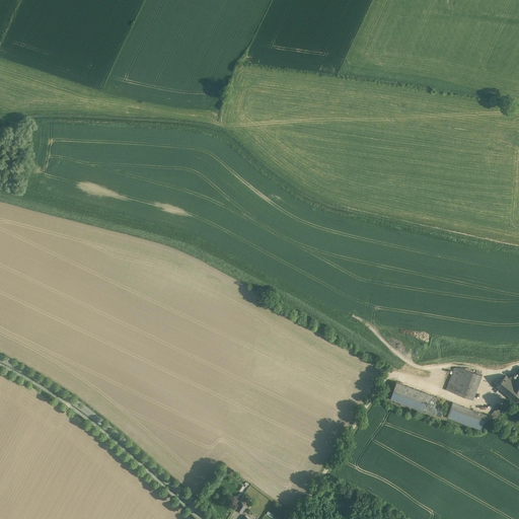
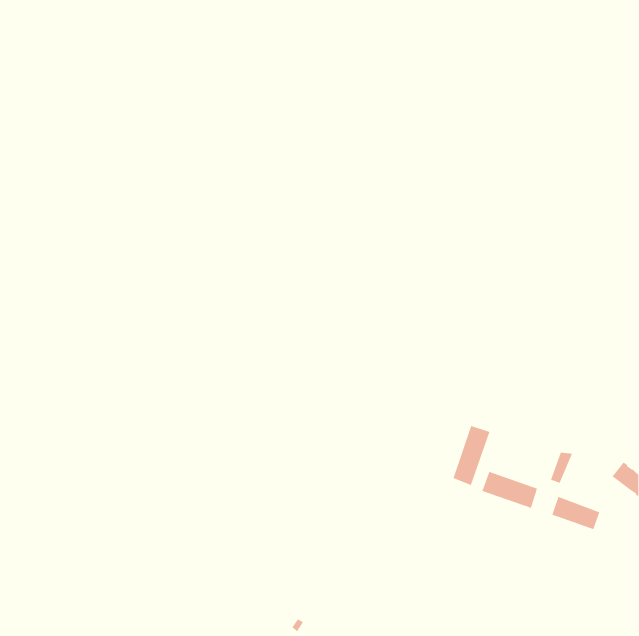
building: none -> [453,425,490,486]
building: [454,370,483,401] -> none

